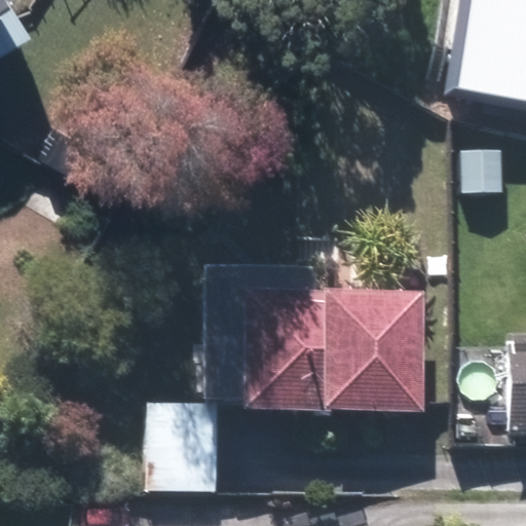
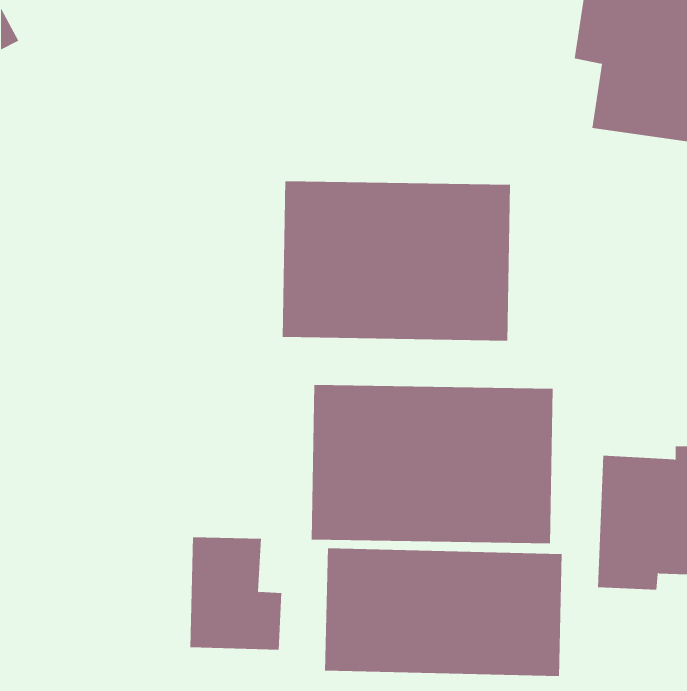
building: none -> [282,180,511,341]
building: none -> [324,548,562,677]

